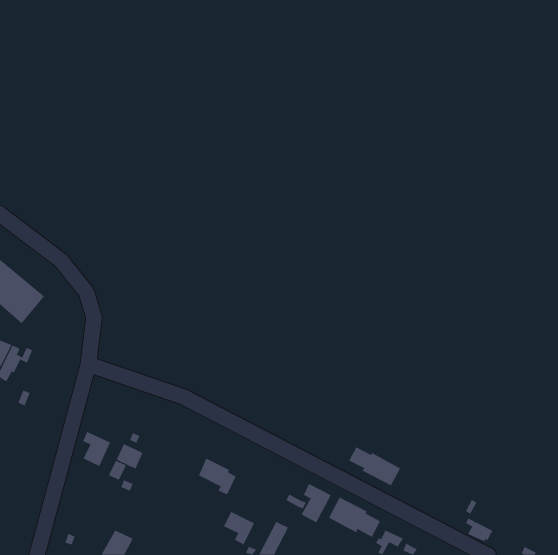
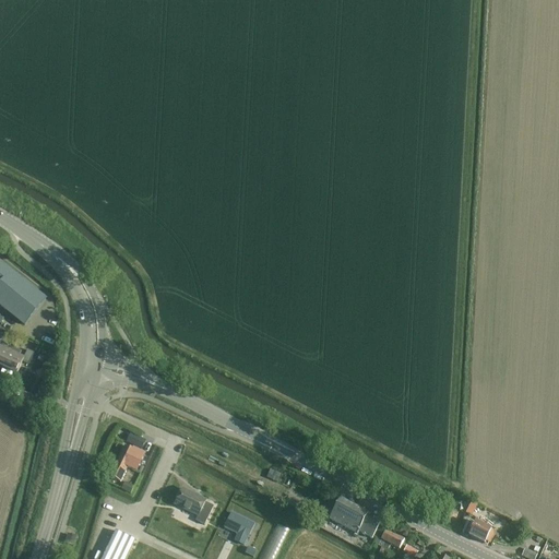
building: [83,431,111,467] -> none
building: [349,446,401,486] -> none
building: [198,458,236,495] -> [174,485,212,522]
building: [301,483,331,523] -> none

